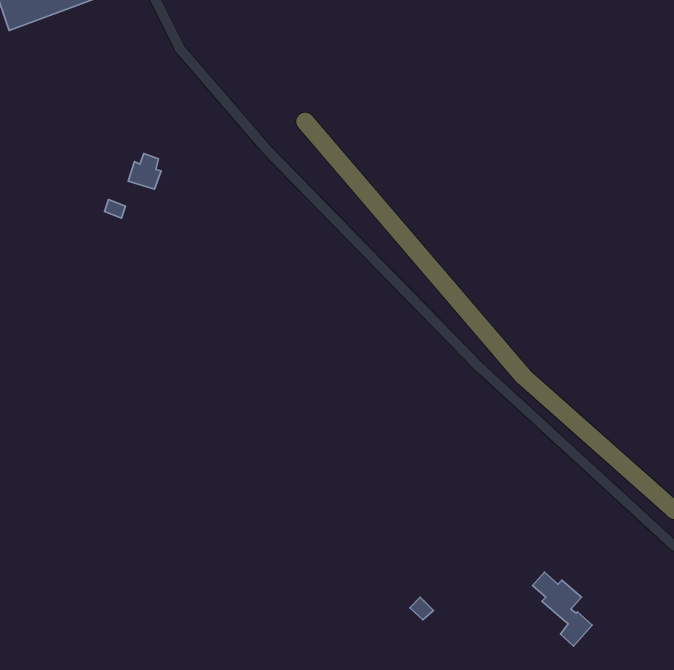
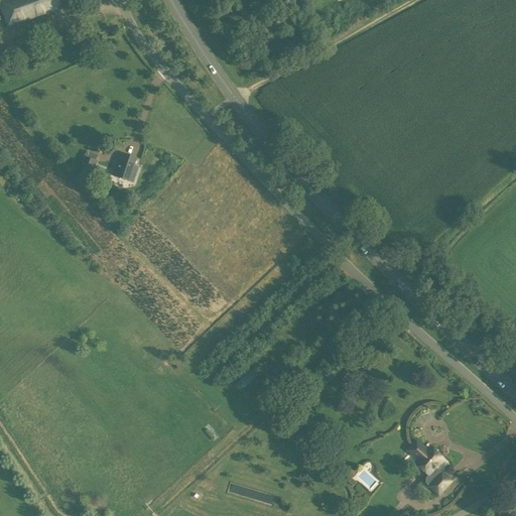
building: [128,154,161,189] -> [111,150,136,177]

